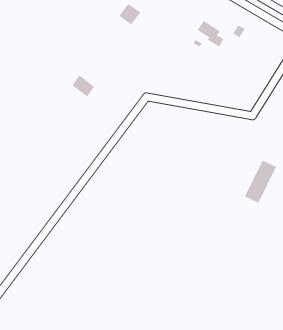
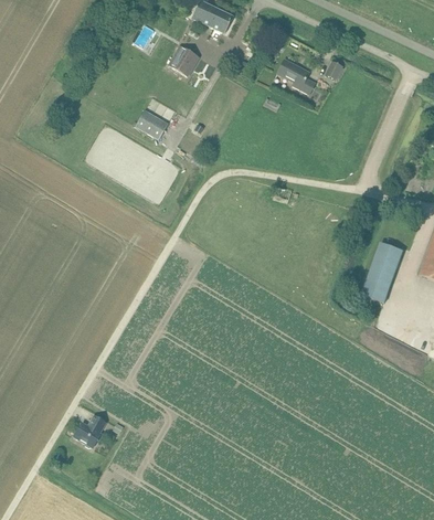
building: [72,75,95,97] -> [134,109,166,139]
building: none -> [72,415,104,447]

